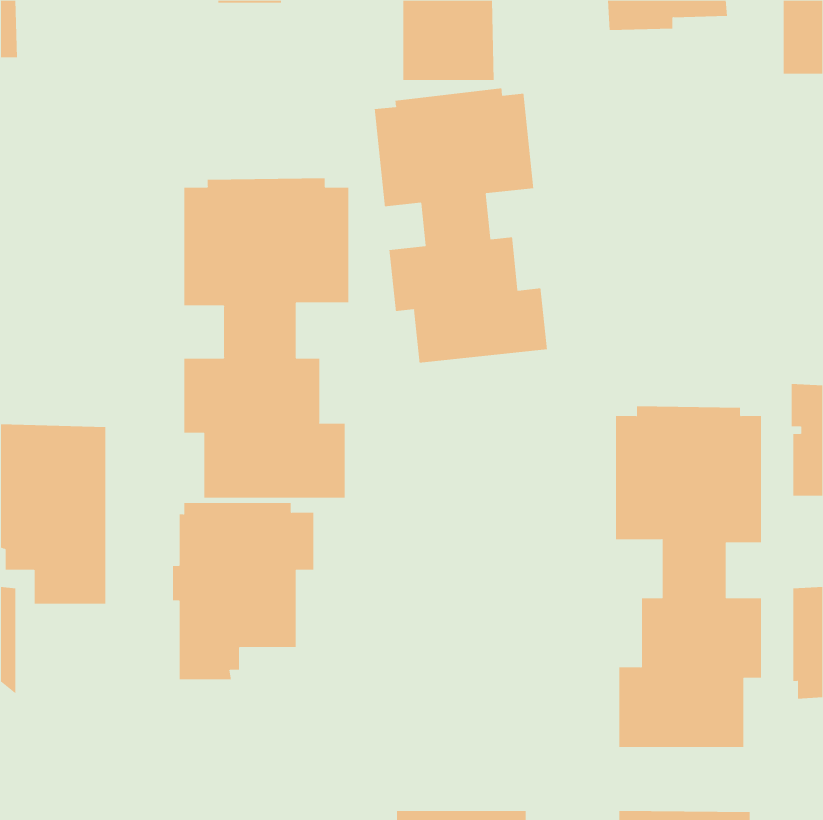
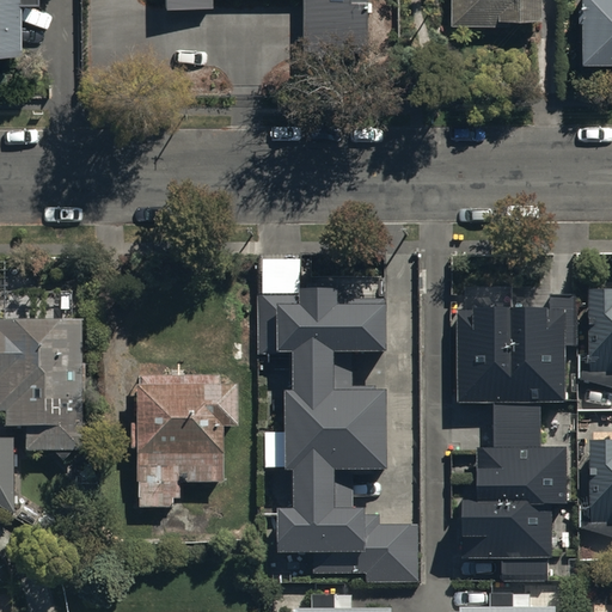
building: [374,88,548,363] -> none
building: [184,178,349,499] -> none
building: none -> [258,258,418,583]

